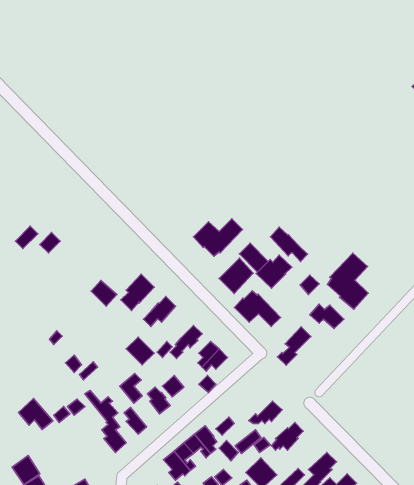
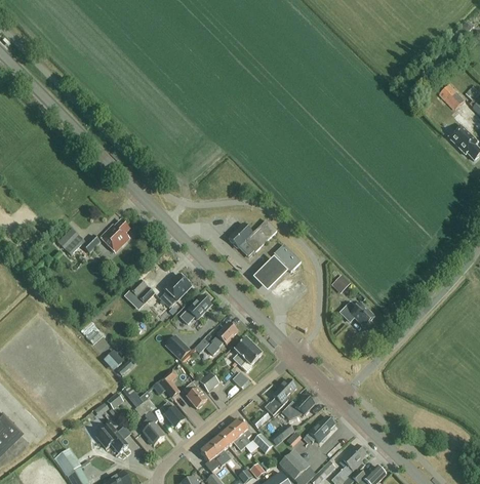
building: none -> [99,220,129,252]
building: [270,227,308,262] -> none
building: [328,253,368,309] -> none
building: [256,255,292,288] -> none
building: [235,291,280,327] -> none
building: [278,327,311,365] -> [265,378,296,415]
building: [19,399,53,430] -> [95,424,128,453]

